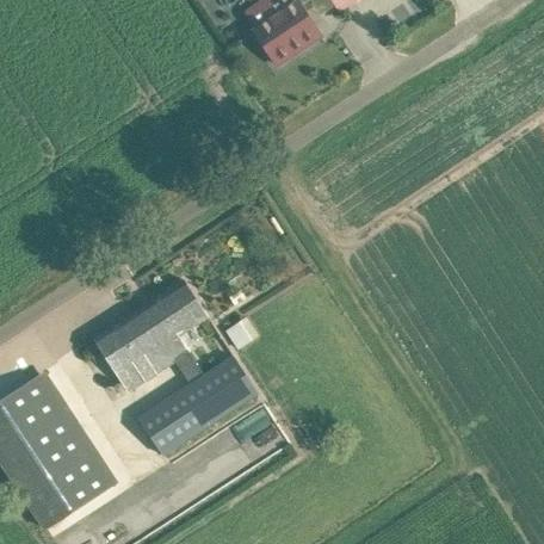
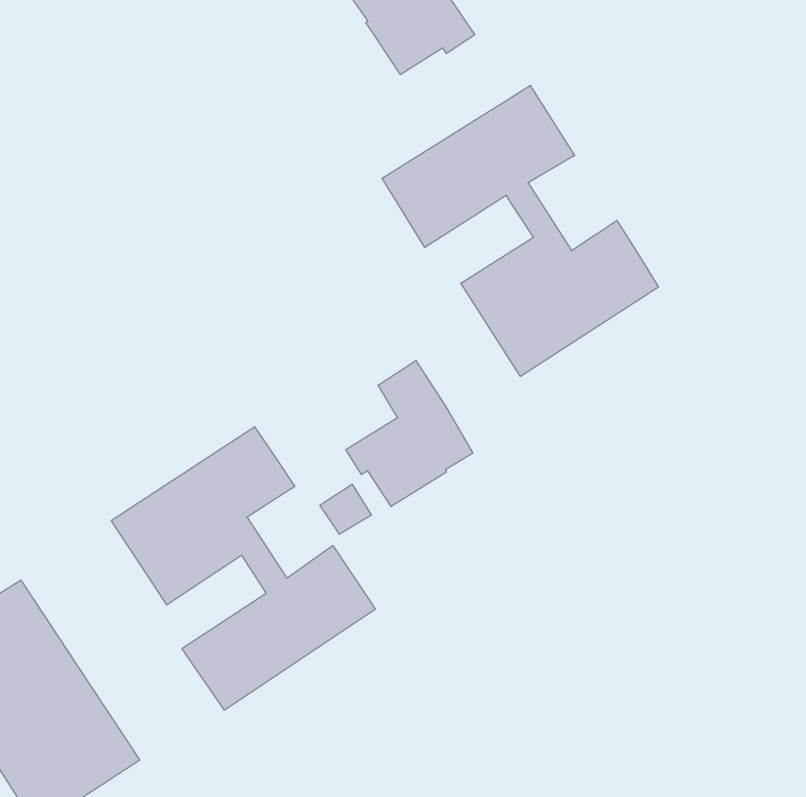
building: none -> [382,85,659,376]
building: none -> [346,360,473,507]

